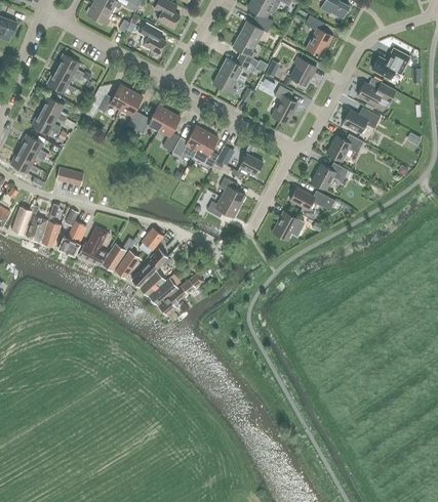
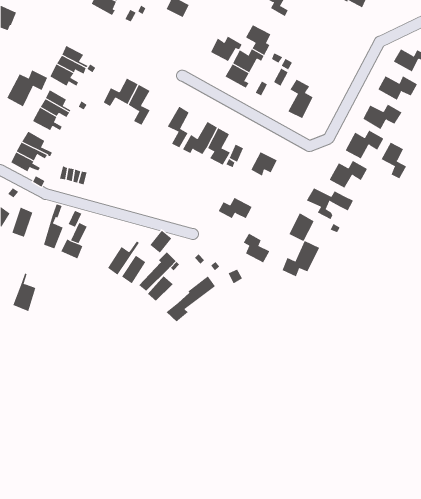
building: [305,15,332,56] -> none
building: [239,18,270,43] -> [210,36,243,62]
building: [141,23,166,53] -> none
building: [290,57,316,85] -> none
building: none -> [6,69,48,107]
building: [134,104,169,133] -> none
building: none -> [381,142,407,179]
building: [220,177,245,206] -> [243,233,270,263]
building: [24,205,46,242] -> [12,273,36,312]
building: [79,226,107,264] -> none
building: none -> [282,240,320,277]
building: [148,276,178,305] -> none

